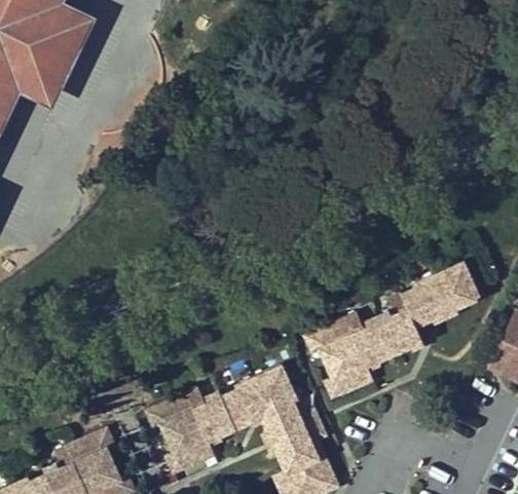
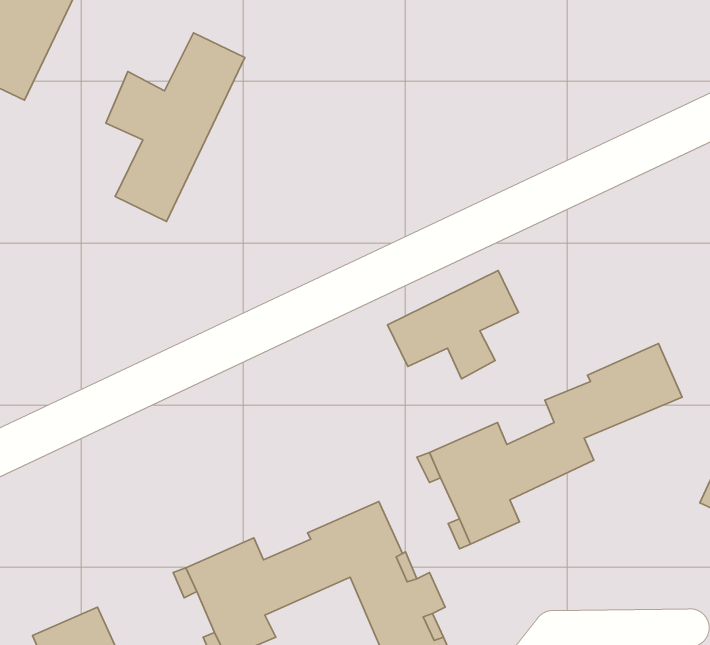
building: none -> [106,33,245,221]
building: none -> [388,271,519,379]

